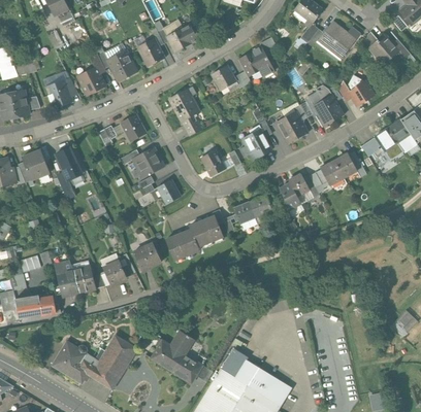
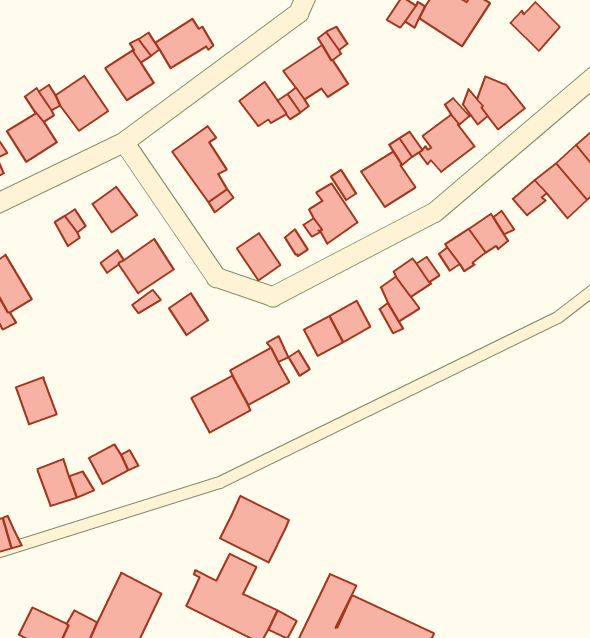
building: [134,242,162,269] -> none
building: [58,270,79,296] -> [16,377,57,424]
building: none -> [220,496,289,563]

